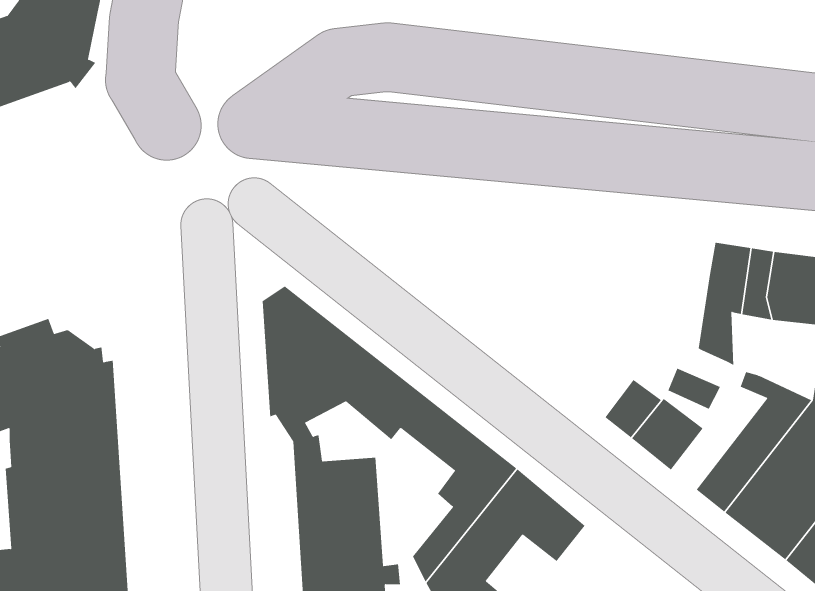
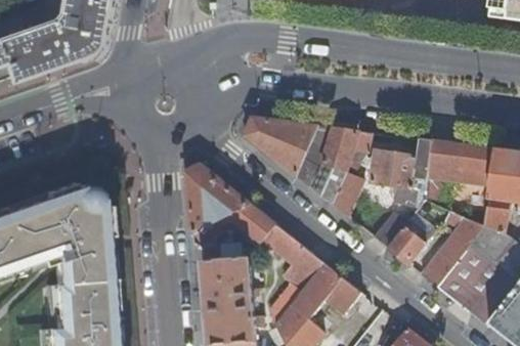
building: none -> [245,117,376,215]
building: none -> [372,150,429,198]

